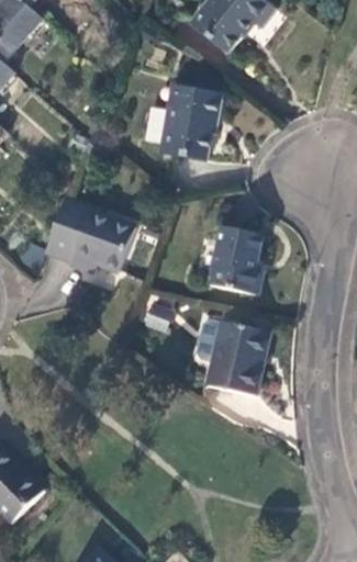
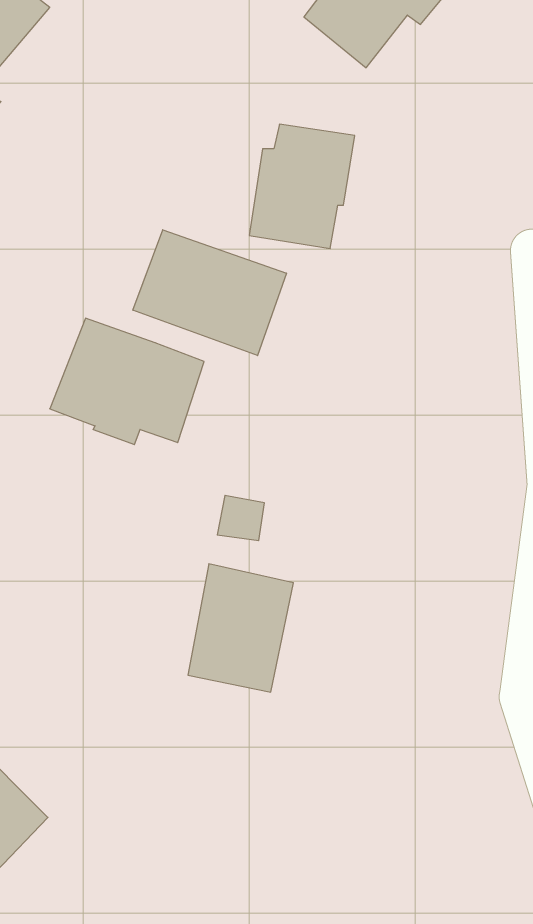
building: none -> [133,230,286,356]
building: [210,225,263,293] -> none
building: [209,319,270,394] -> [188,564,293,692]

